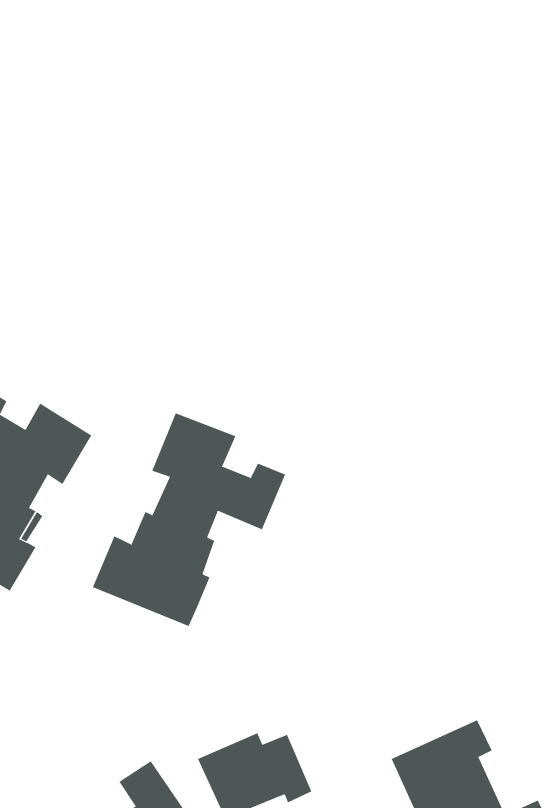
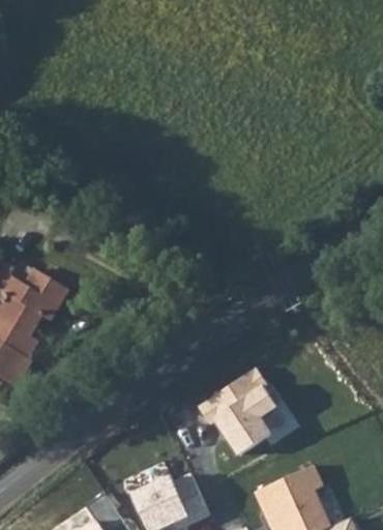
building: [92,413,286,627] -> none
building: none -> [195,363,297,459]

